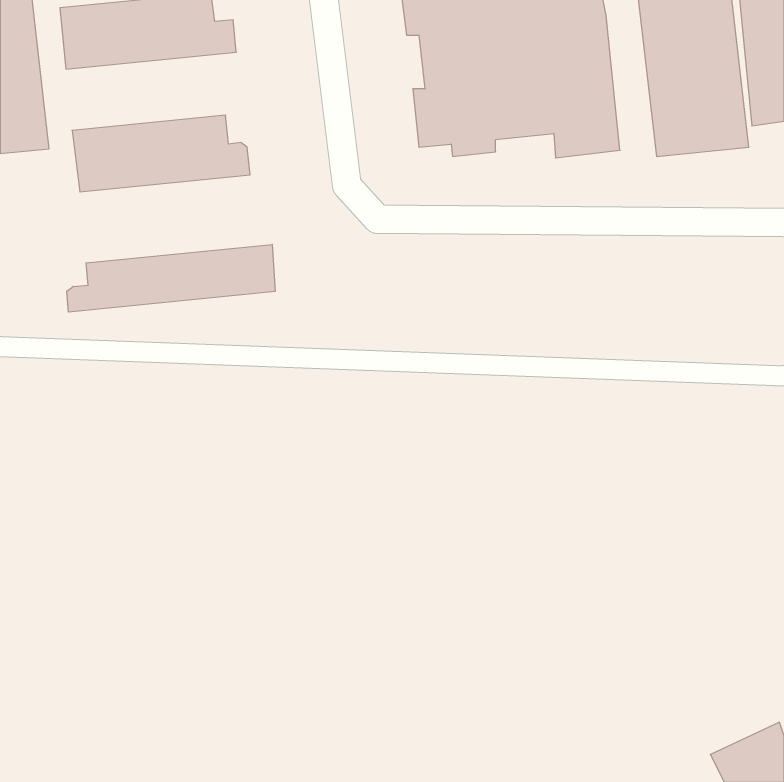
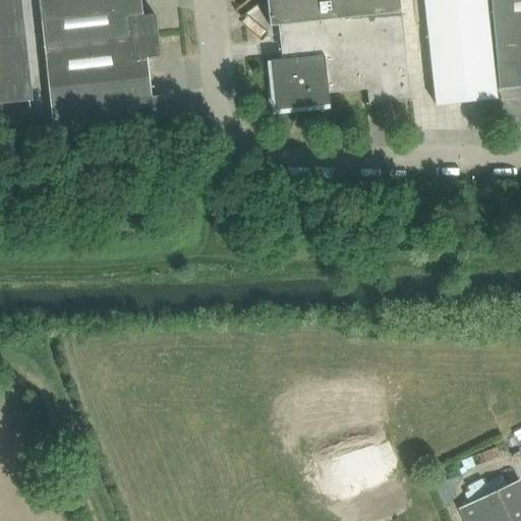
building: none -> [44,35,159,86]
building: [67,244,275,312] -> none

